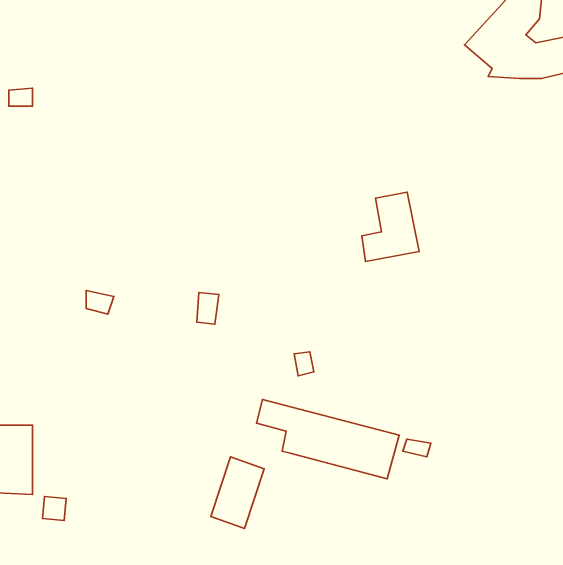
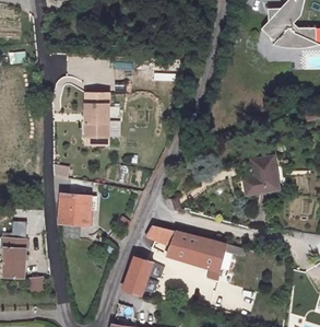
building: none -> [84,92,108,136]
building: [362,192,419,261] -> [246,156,277,195]
building: none -> [58,192,91,225]

